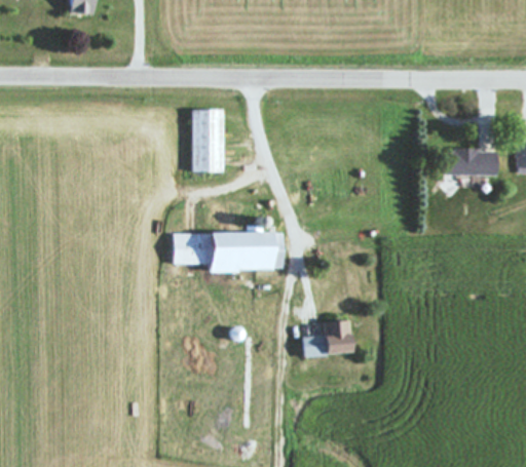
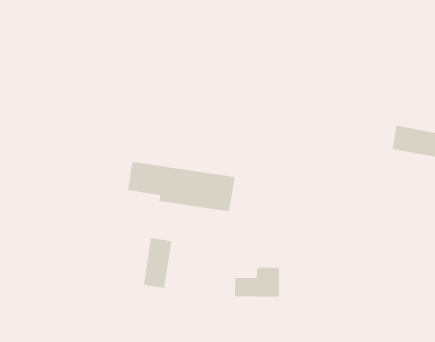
building: [192,109,224,171] -> none
building: none -> [143,237,172,289]

